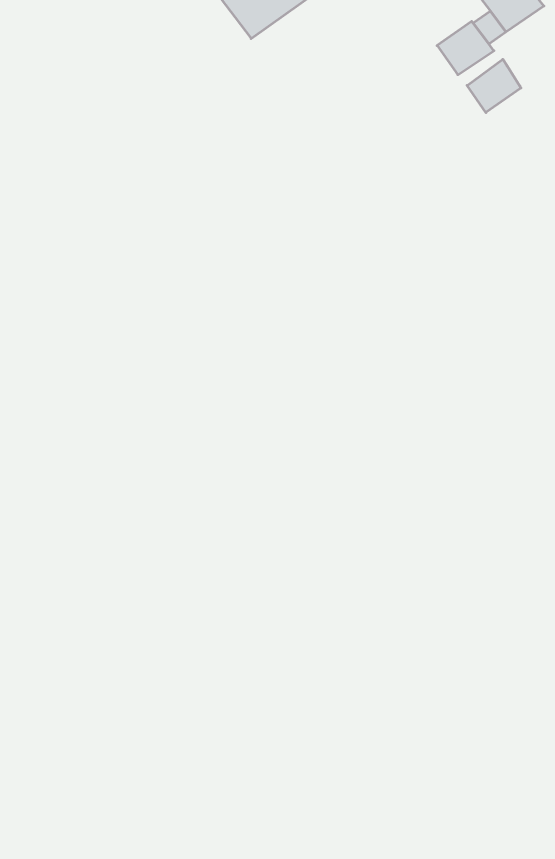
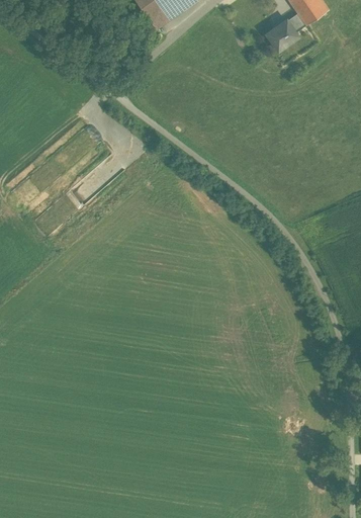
building: [467,59,521,113] -> none

